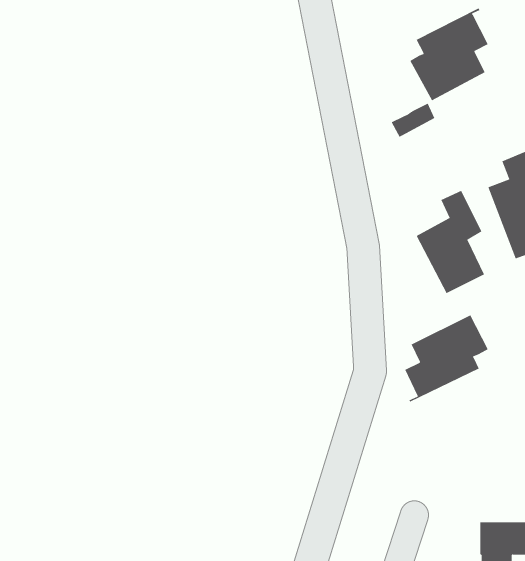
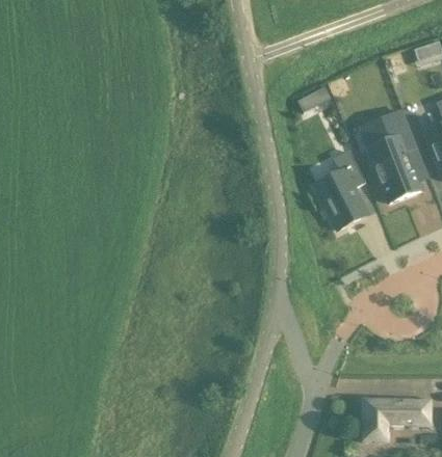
building: [410,7,488,101] -> none
building: [405,314,489,403] -> none

